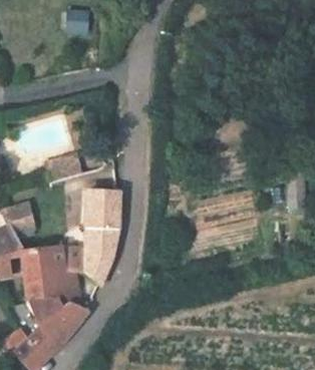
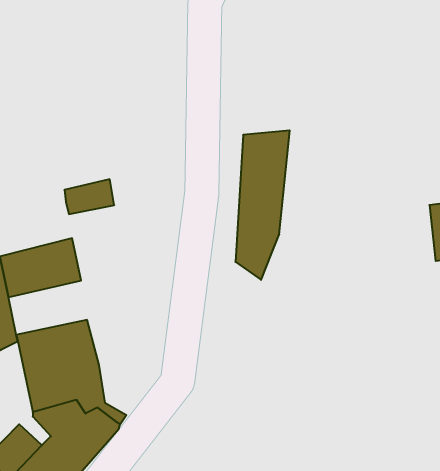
building: [84,188,120,287] -> [235,130,290,280]

